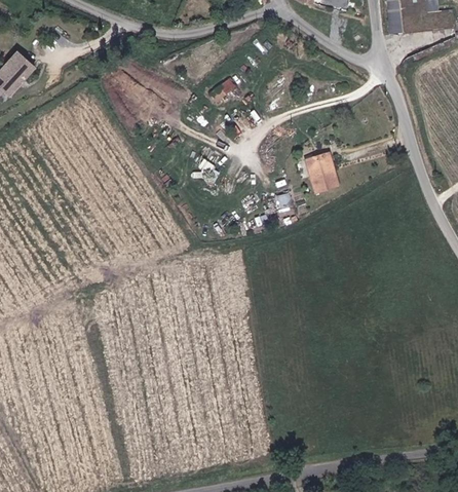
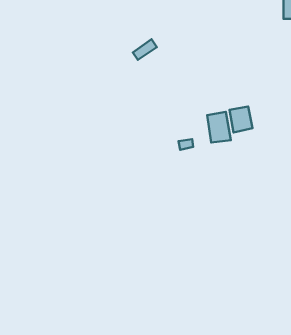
building: none -> [230,107,252,132]

